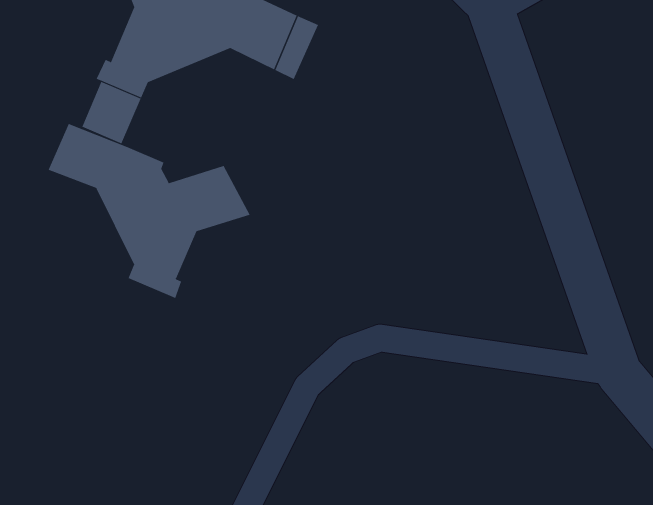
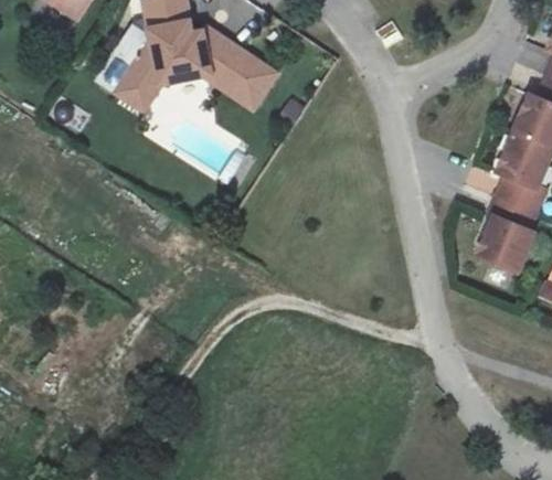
building: [48,123,250,299] -> none

